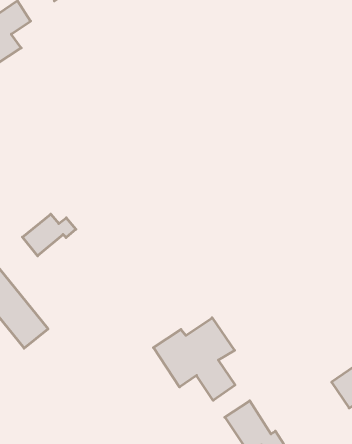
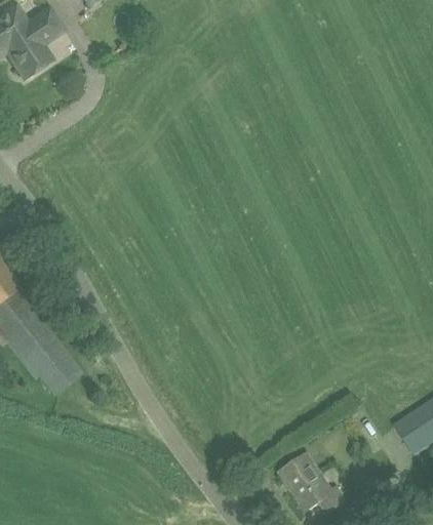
building: [22,214,76,256] -> none
building: [153,318,235,400] -> none

